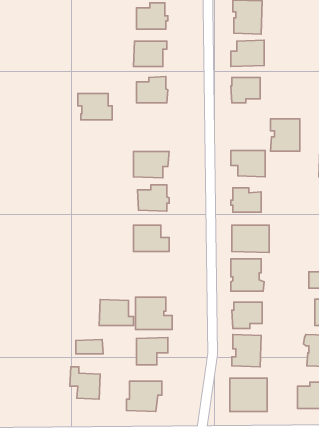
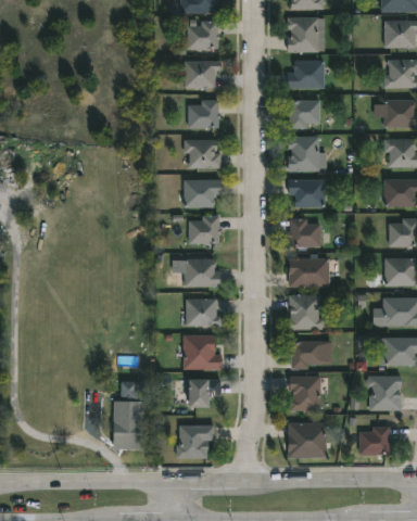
building: [78,94,112,120] -> [185,140,222,168]
building: [271,119,300,151] -> [288,137,319,171]
building: [99,299,134,326] -> [185,297,222,326]

